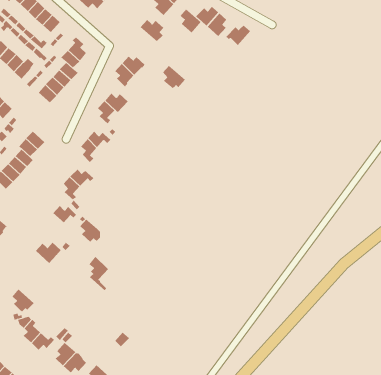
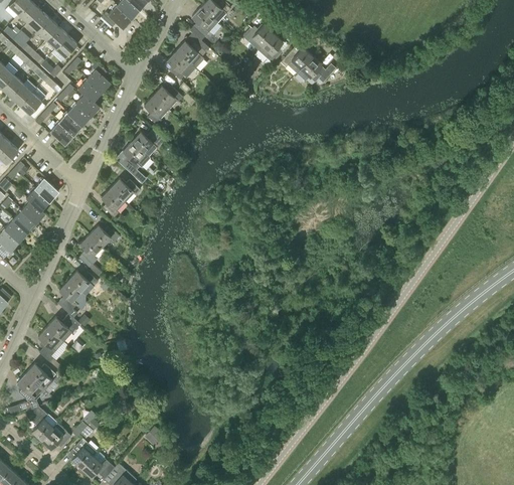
building: [180,9,201,34] -> none
building: none -> [296,55,335,83]
building: [162,65,186,89] -> [167,50,196,79]
building: [80,219,101,242] -> [59,280,85,309]
building: [89,256,109,291] -> [38,326,63,369]
building: none -> [25,363,55,390]

